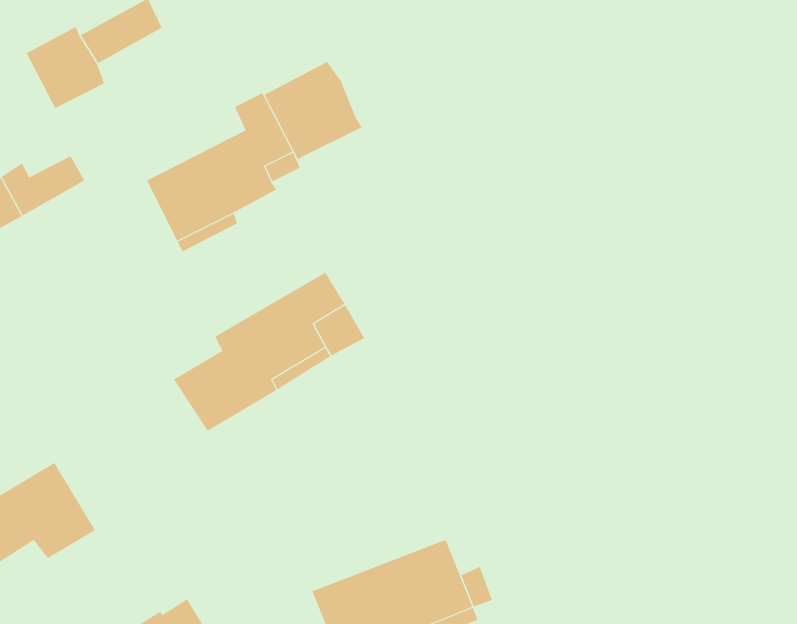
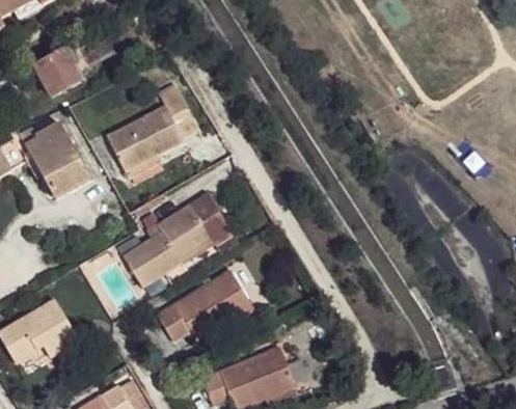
building: [264,61,363,160] -> none
building: none -> [34,137,93,198]
building: none -> [156,269,251,340]

